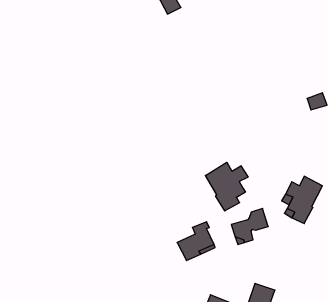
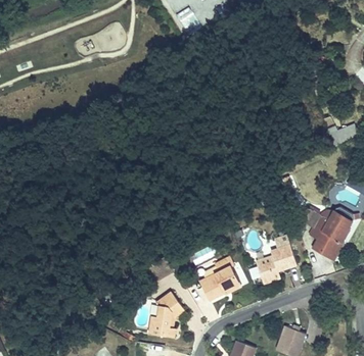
building: [205,162,248,211] -> none
building: none -> [148,293,182,341]

